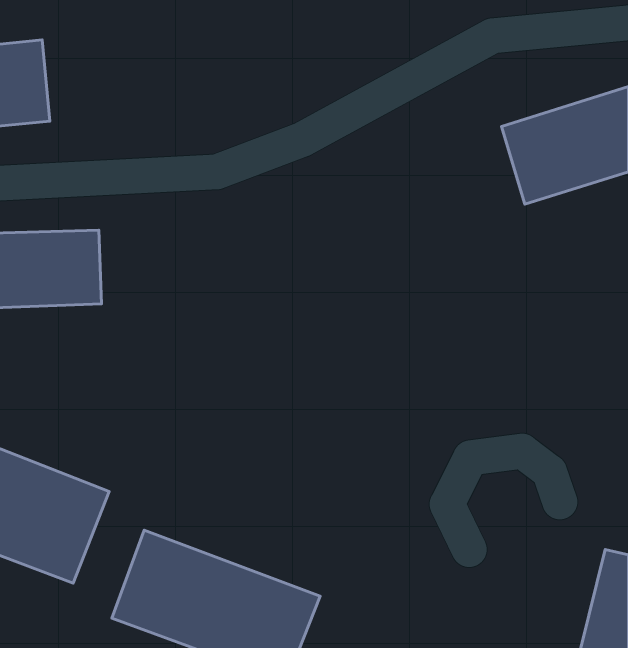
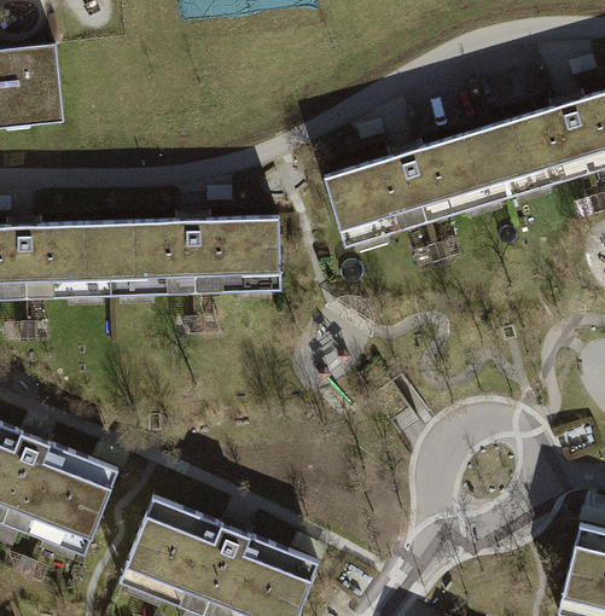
building: none -> [322,127,507,249]
building: none -> [110,217,281,292]

